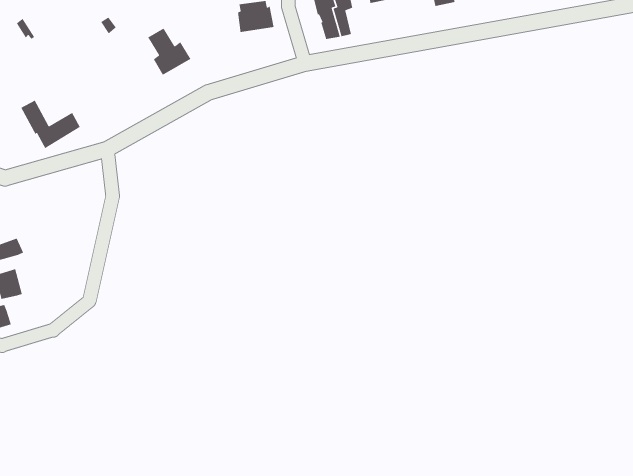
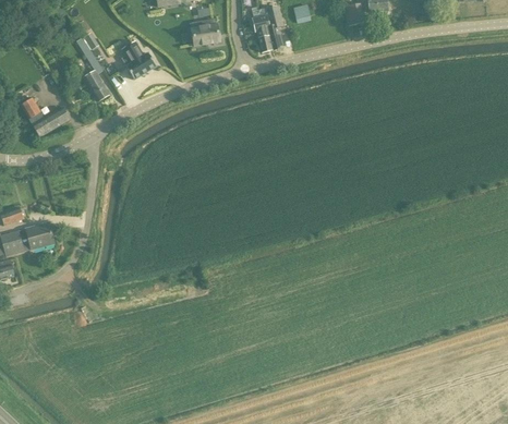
building: none -> [75,37,108,100]
building: none -> [16,221,52,251]

